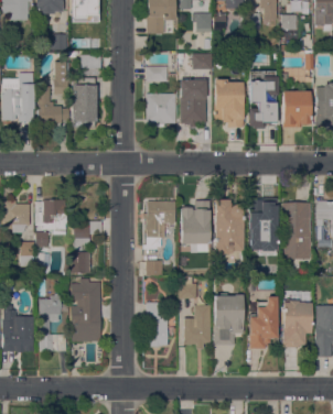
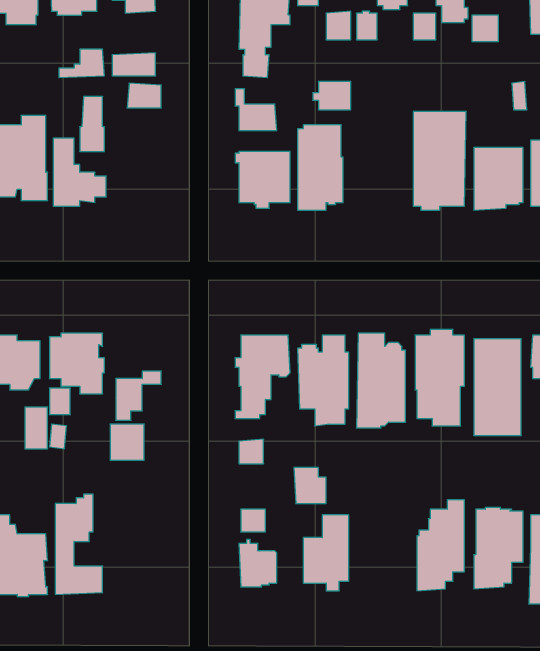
building: [72,77,96,128] -> none
building: [214,79,243,127] -> none
building: [71,279,100,341] -> none
building: [214,294,243,345] -> none

